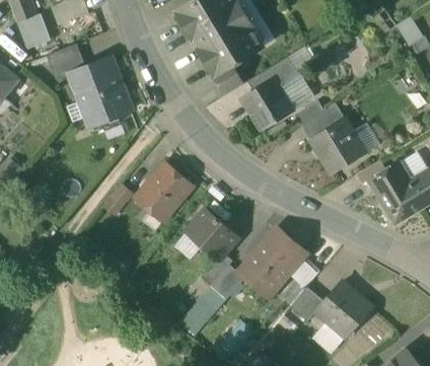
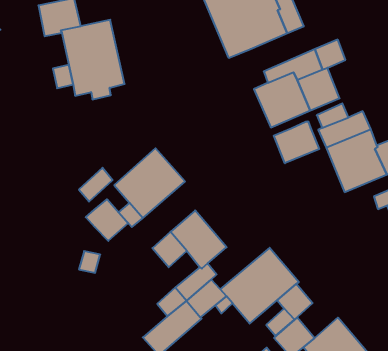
building: [211,65,243,96] -> none
building: none -> [274,121,319,163]
building: none -> [86,199,128,241]

